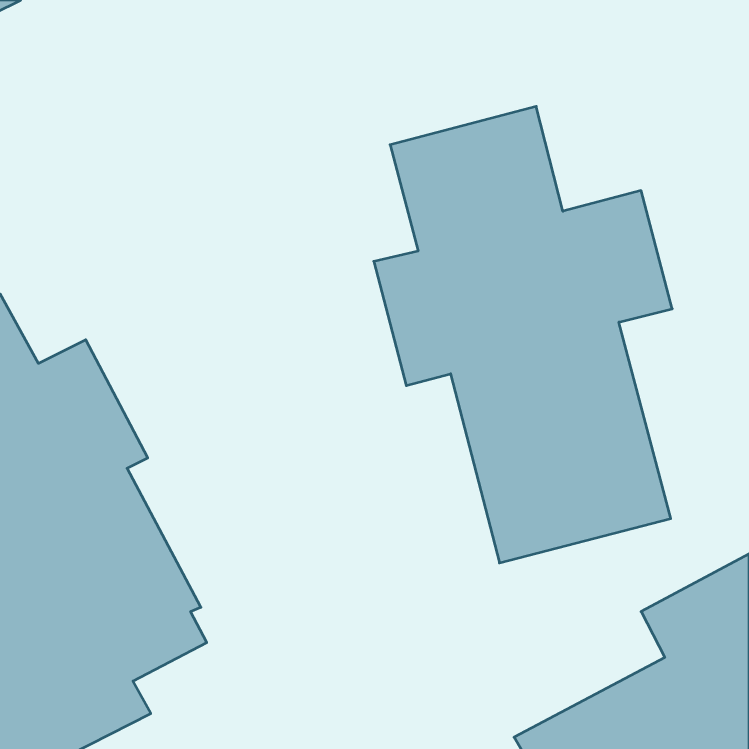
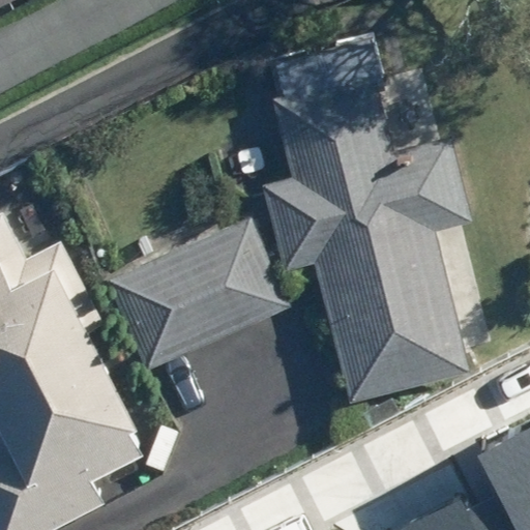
building: none -> [105,218,292,374]

